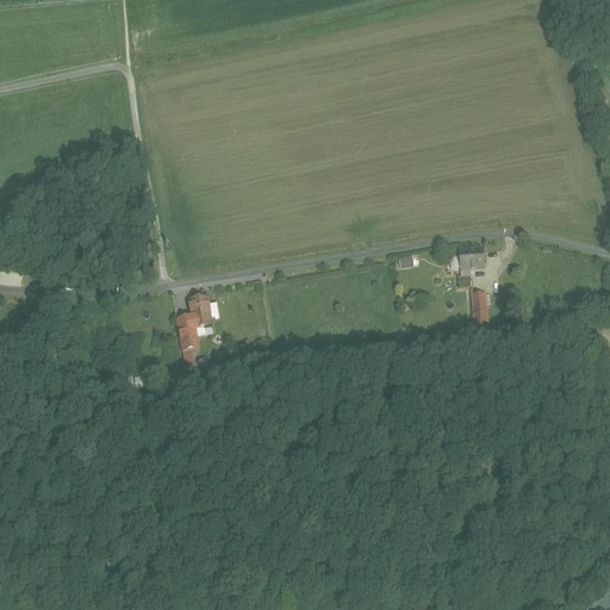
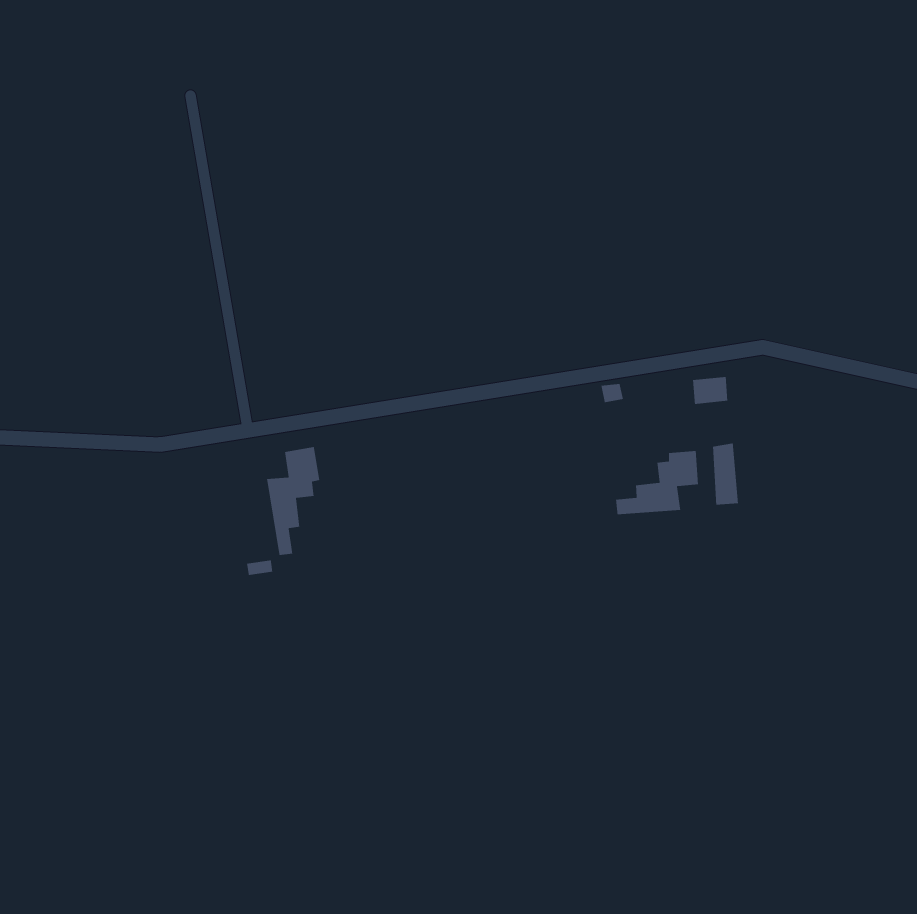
building: none -> [615,450,699,515]

